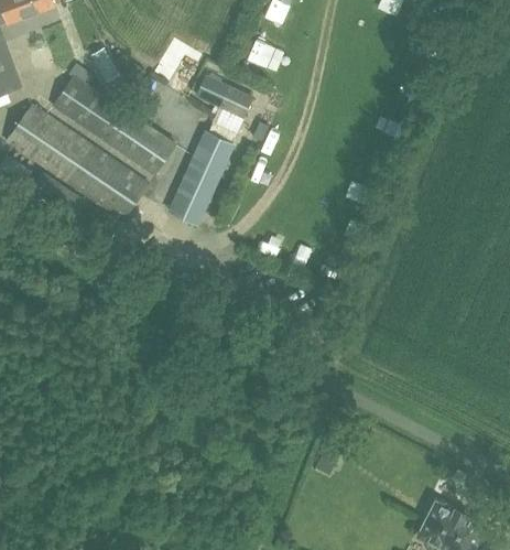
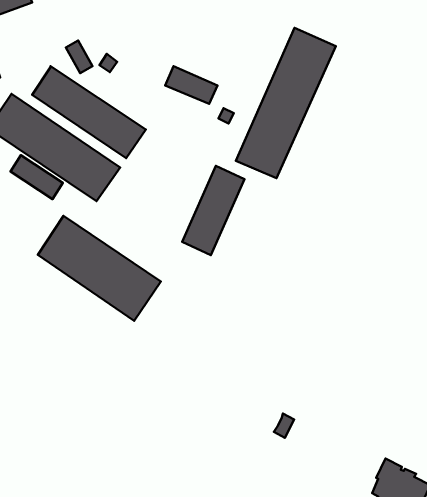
building: none -> [236,28,336,178]
building: [167,130,235,226] -> [182,166,245,255]
building: none -> [38,216,161,321]

